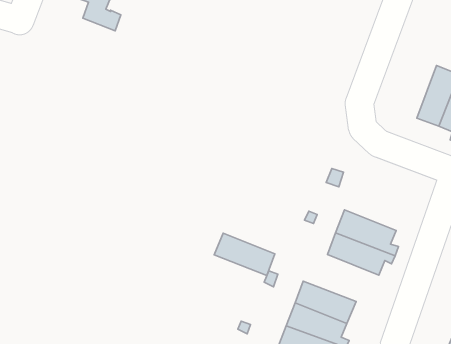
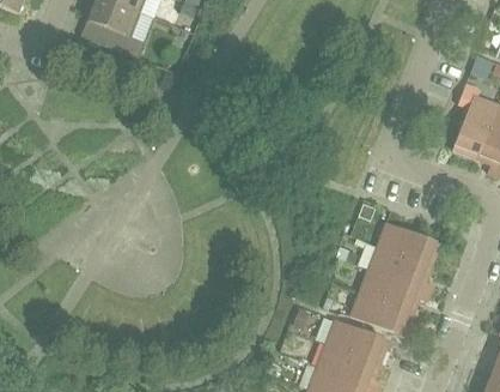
building: none -> [377,222,440,266]
building: [214,233,275,276] -> [349,291,413,336]

